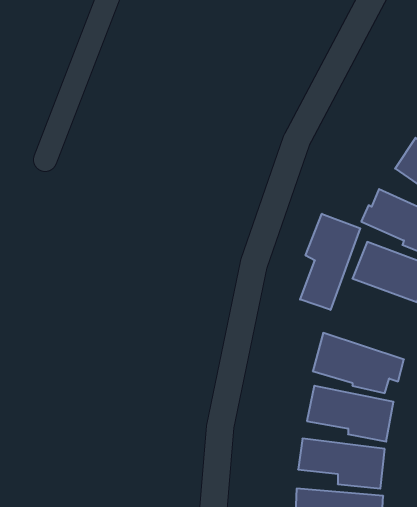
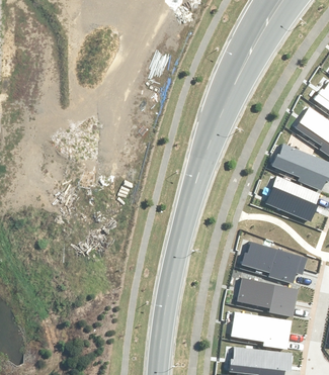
building: [300,214,360,310] -> none

